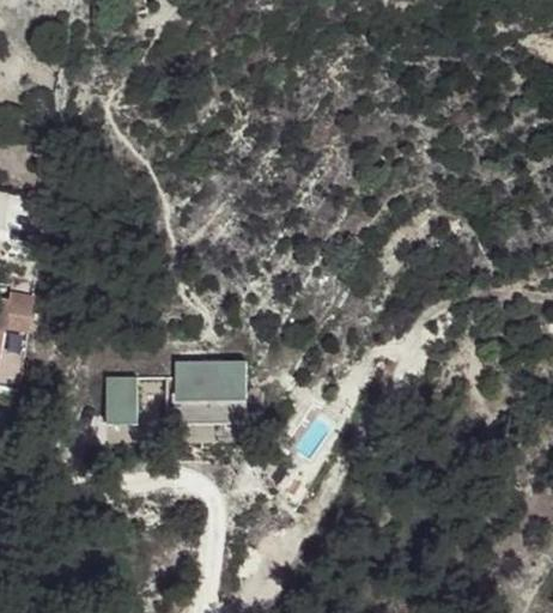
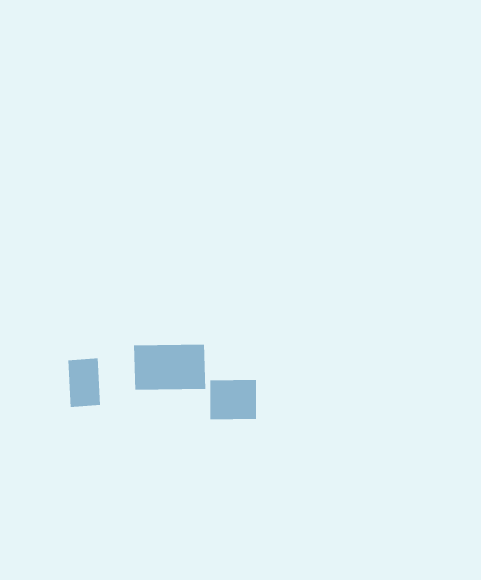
building: none -> [210,379,257,420]

